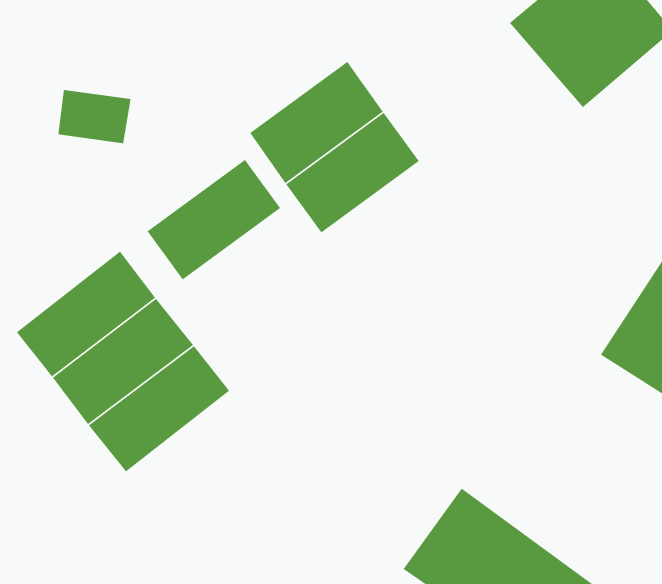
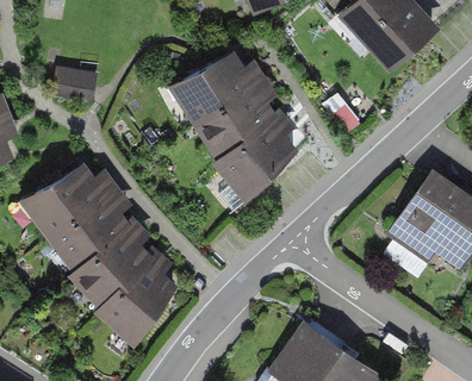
building: [147,159,281,280] -> [217,113,302,189]
building: none -> [94,257,182,338]

